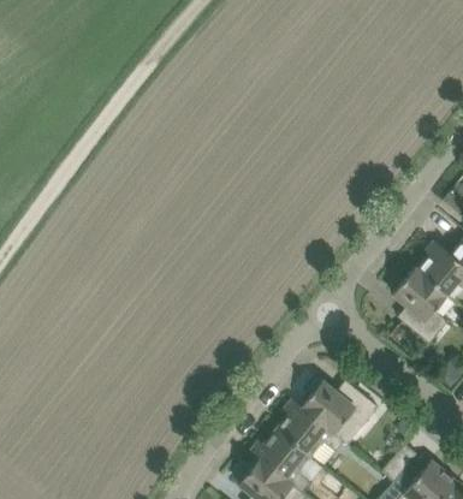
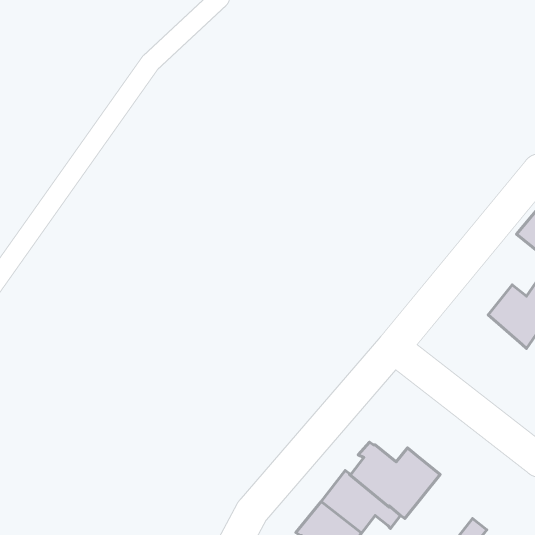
building: [393,266,449,343] -> none

